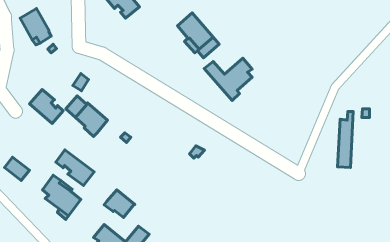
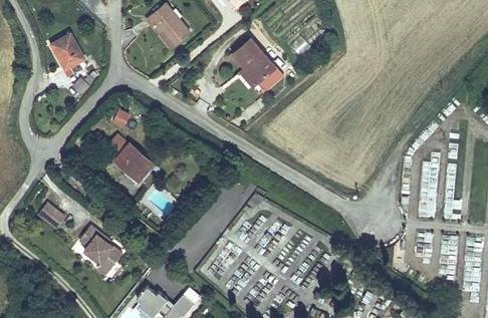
building: [204,58,252,100] -> none
building: [29,89,63,124] -> none
building: [56,150,94,186] -> none
building: [104,190,135,218] -> none

